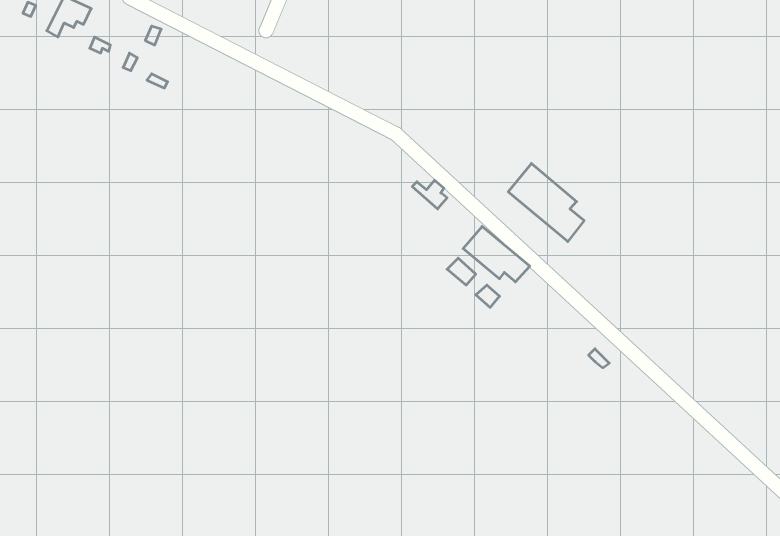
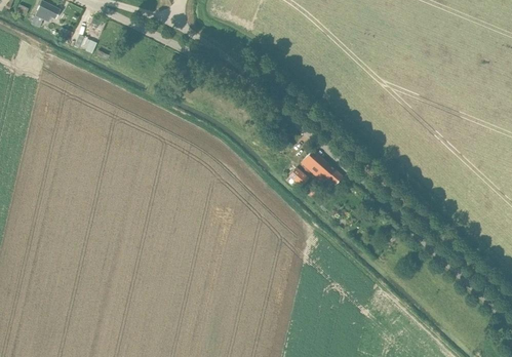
building: [508,163,584,242] -> none

